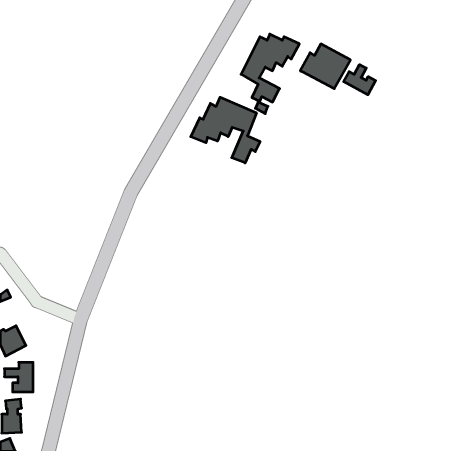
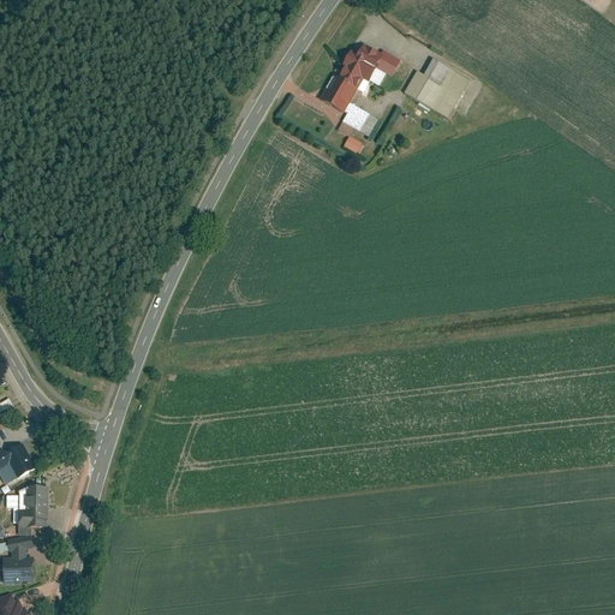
building: [344,65,376,95] -> none
building: [191,97,260,163] -> none

